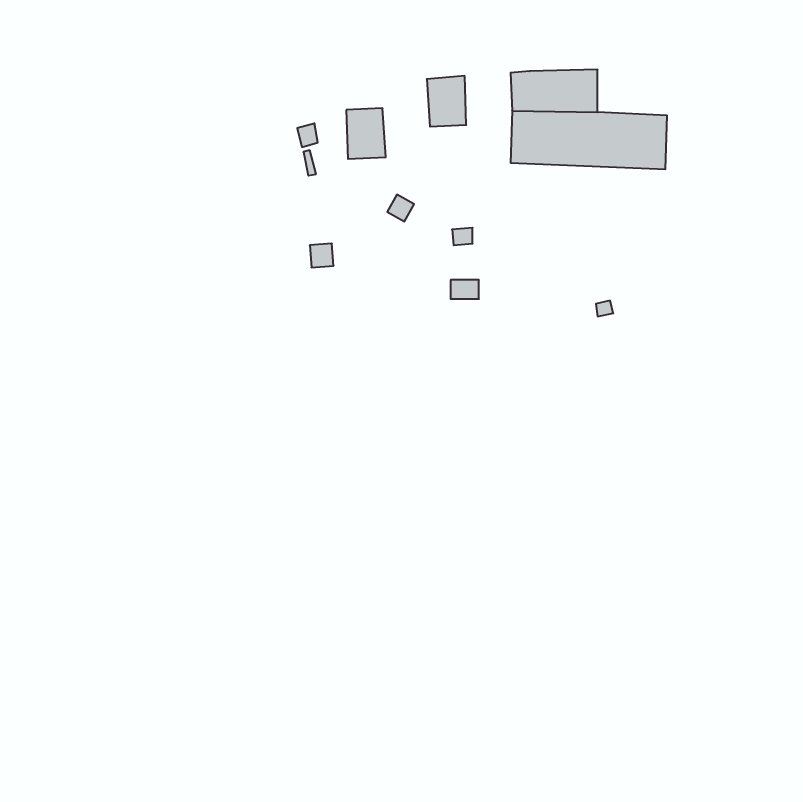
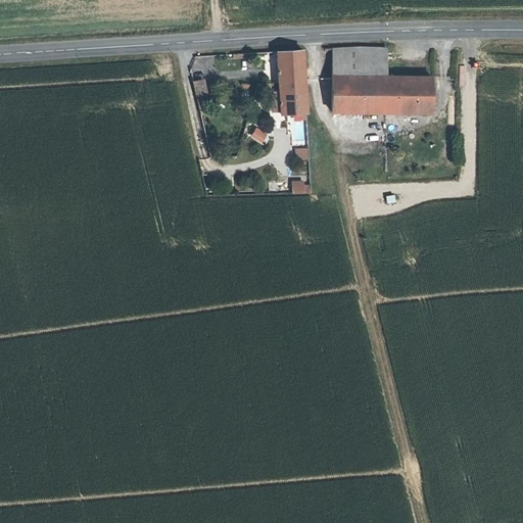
building: [346,108,386,159] -> [281,85,306,117]

